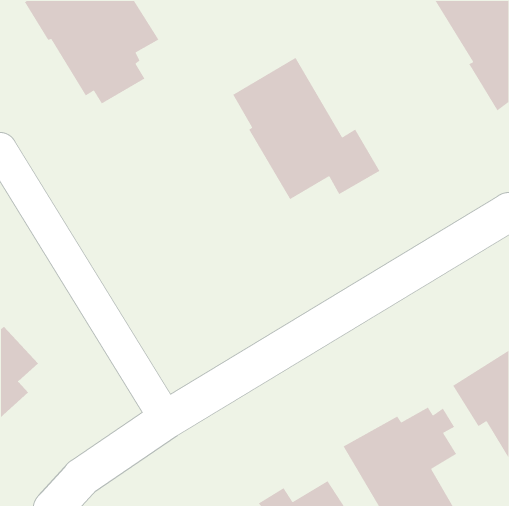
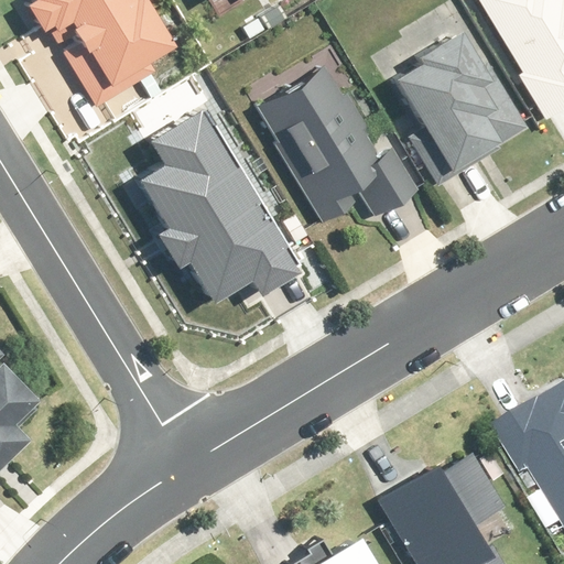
building: none -> [394,30,530,175]
building: none -> [129,85,302,302]

